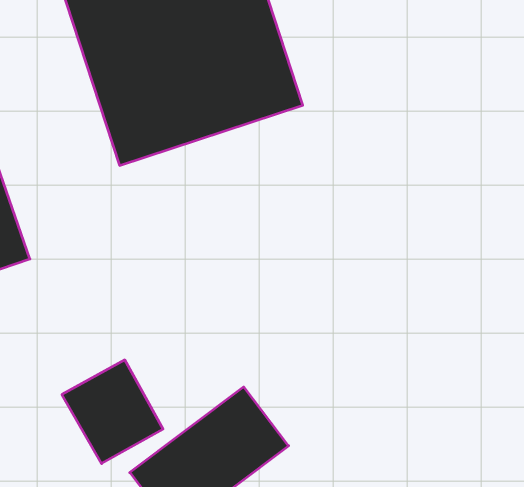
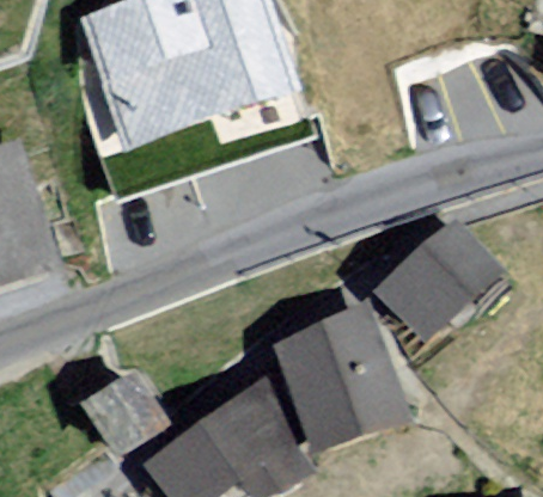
building: none -> [373,213,508,345]
building: none -> [274,313,408,458]

